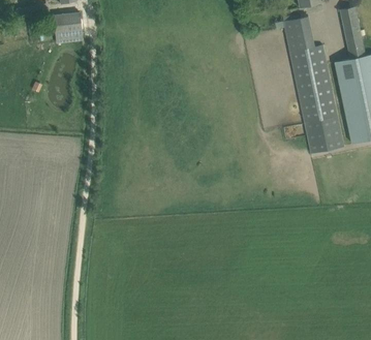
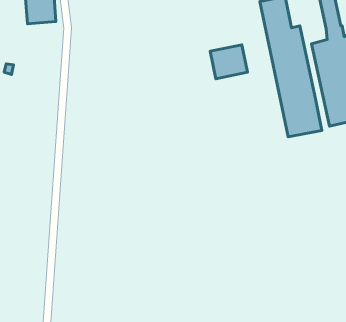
building: none -> [210,45,248,79]

